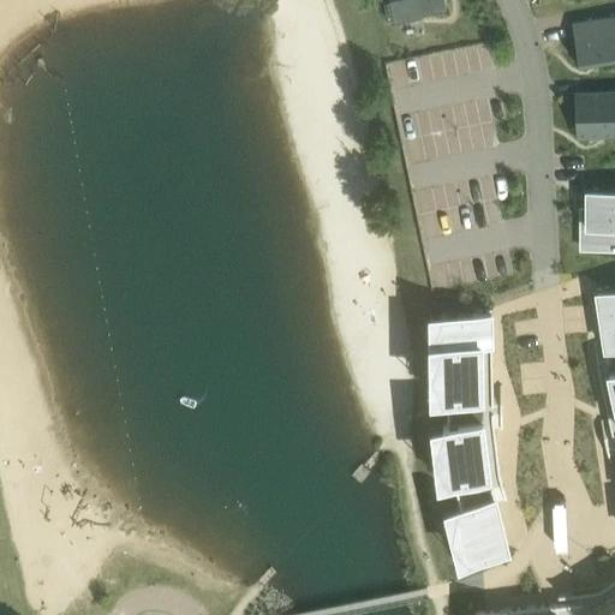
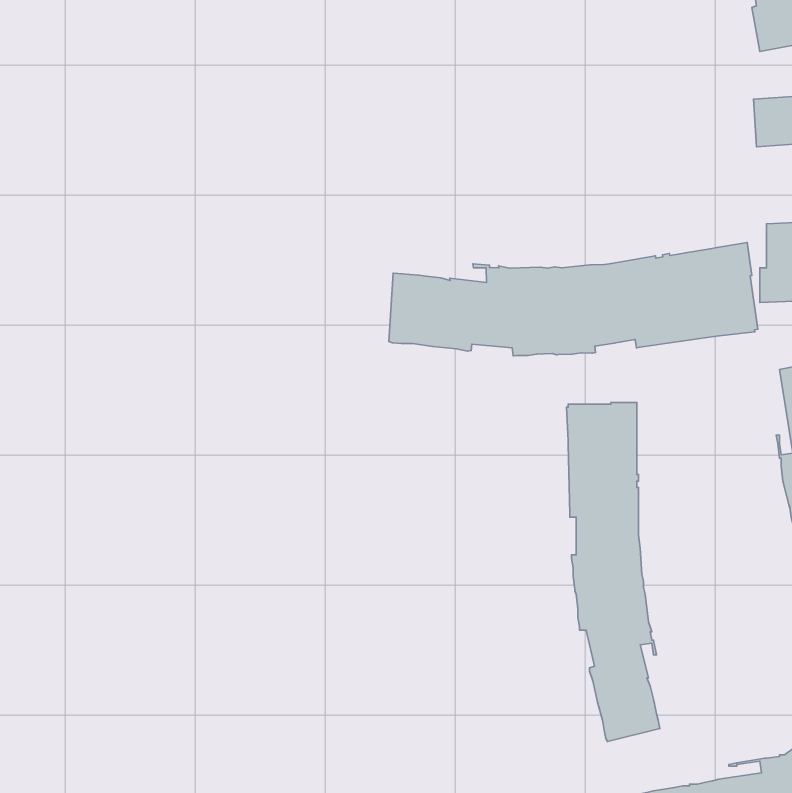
building: none -> [389,243,758,356]

